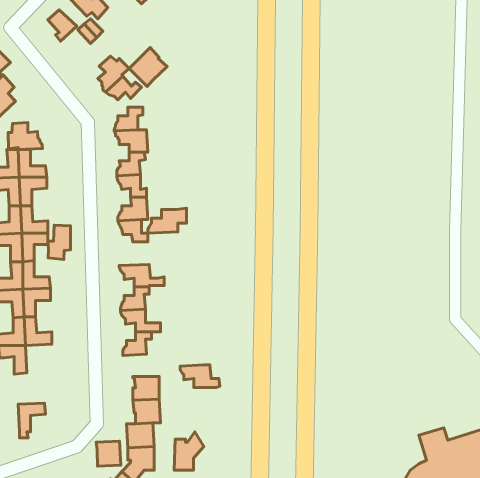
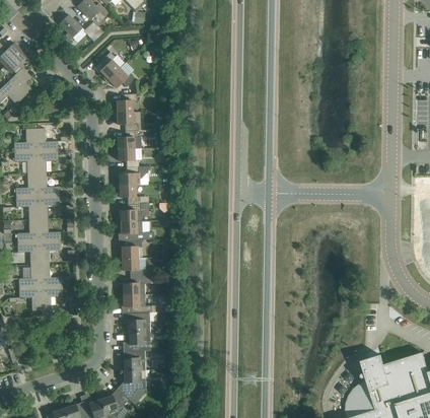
building: [129,47,167,87] -> none
building: [8,122,42,150] -> none
building: [148,208,187,233] -> [117,202,148,222]
building: [48,225,71,259] -> none
building: [180,365,220,387] -> [120,294,152,312]
building: [18,403,46,438] -> [41,286,63,315]
building: [174,432,204,470] -> none
building: [96,441,121,466] -> none

